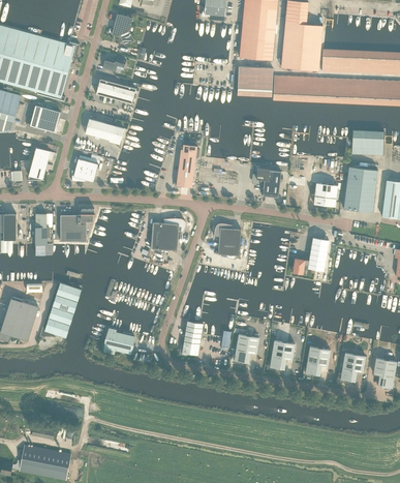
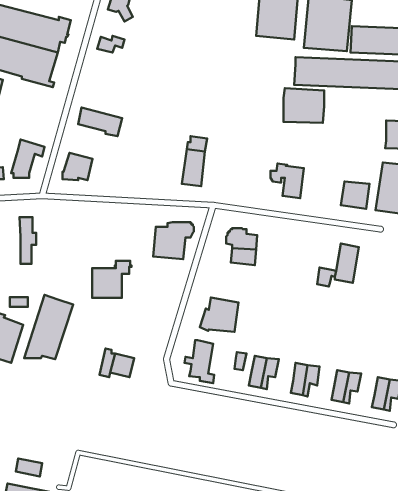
building: [238,66,273,96] -> [283,88,324,123]
building: [96,79,135,102] -> none
building: [30,105,61,132] -> none
building: [61,209,95,241] -> [92,261,132,298]
building: none -> [200,298,239,332]

